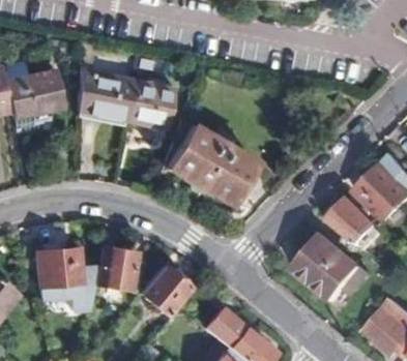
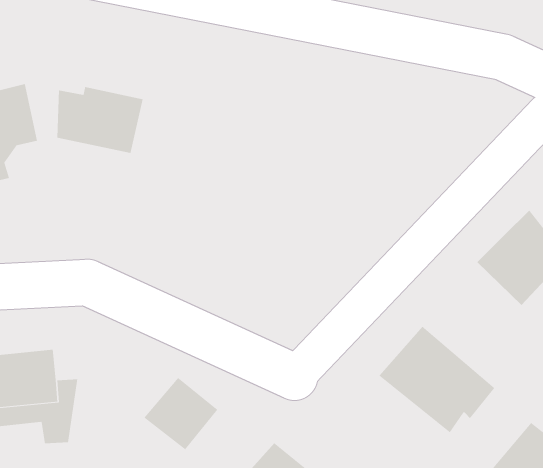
building: [129,82,176,125] -> none
building: [169,124,257,206] -> none
building: [327,199,379,246] -> none
building: [97,250,136,287] -> none

